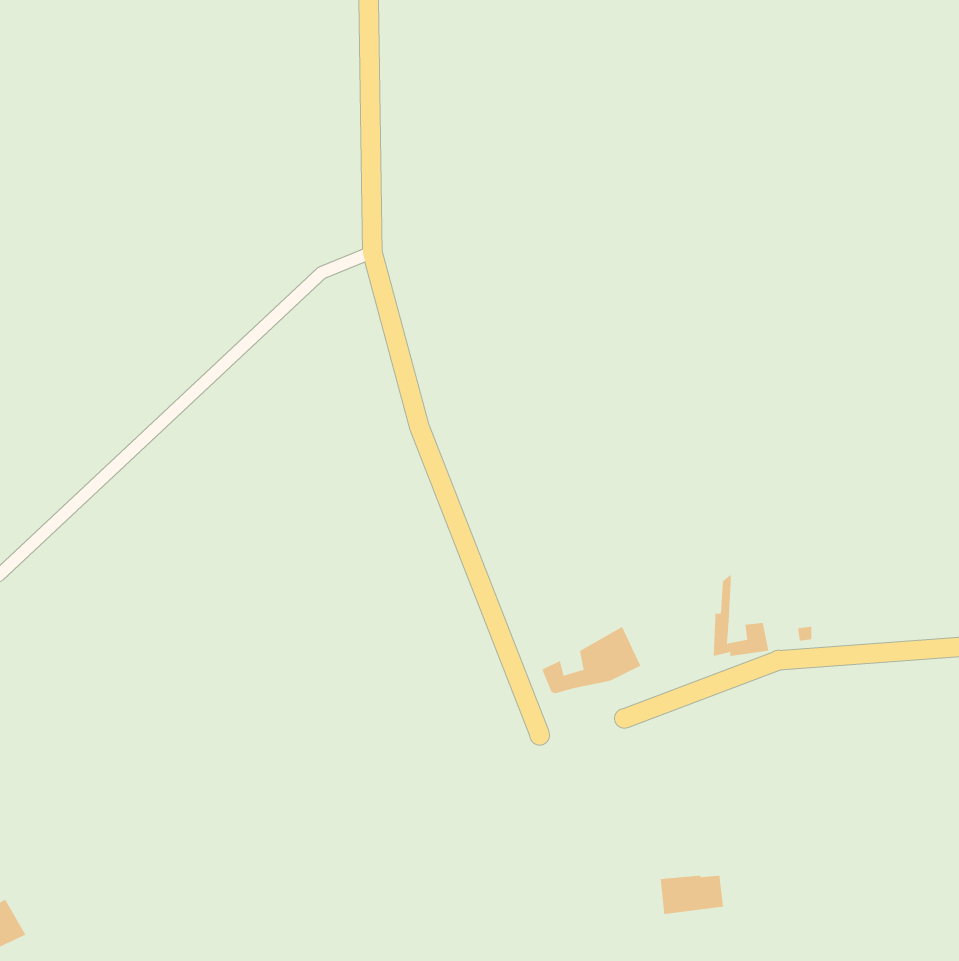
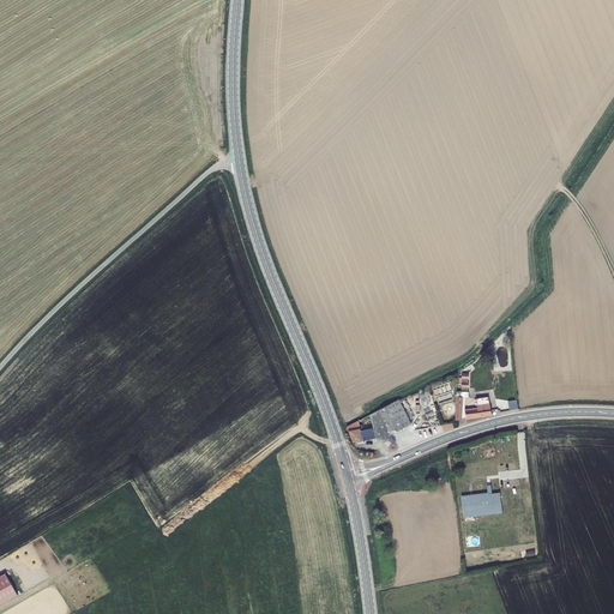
building: [660,875,724,915] -> [460,493,501,518]

